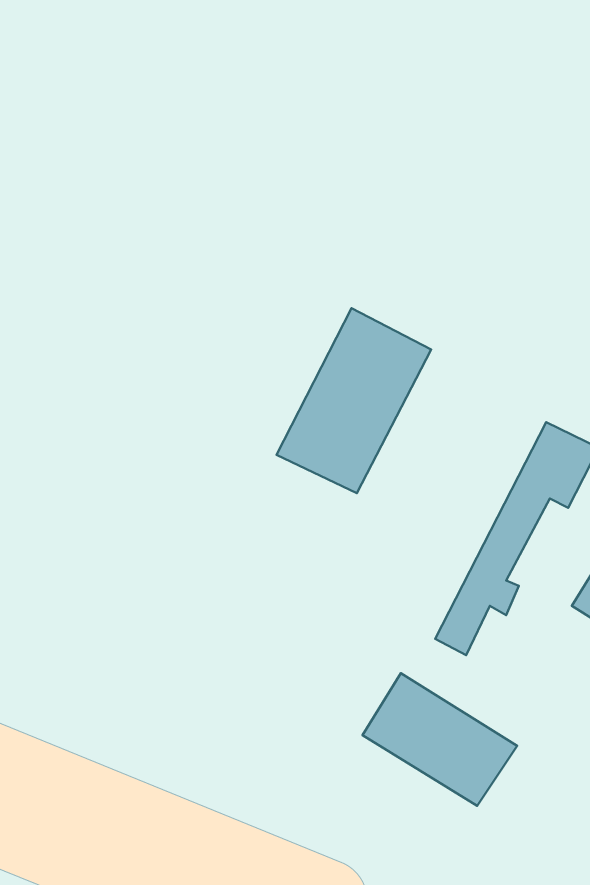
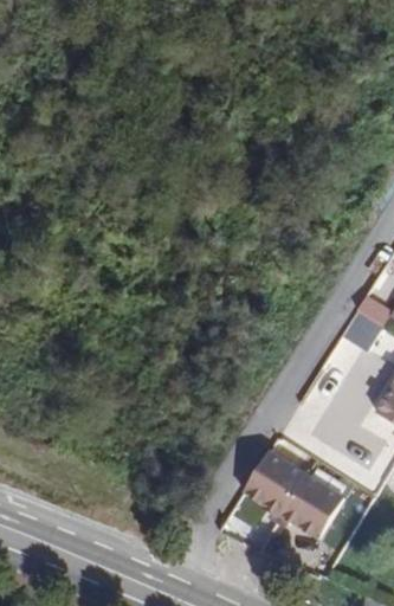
building: [276,308,431,493] -> none

